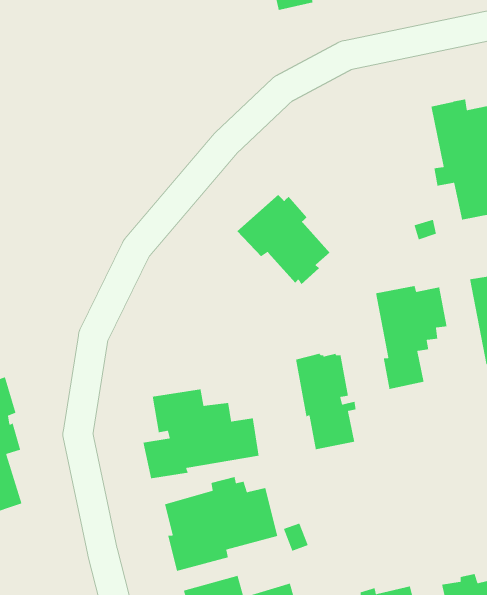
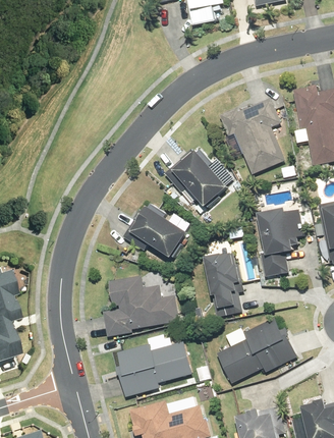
building: none -> [219,98,285,174]
building: none -> [122,204,185,258]
building: none -> [216,317,296,383]

